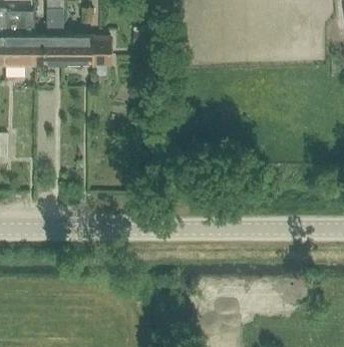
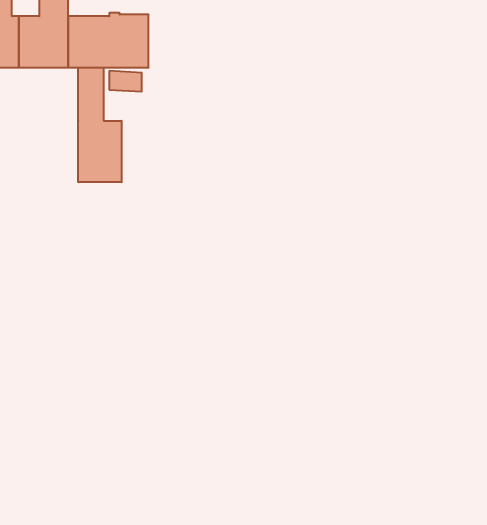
building: none -> [78,68,122,182]

